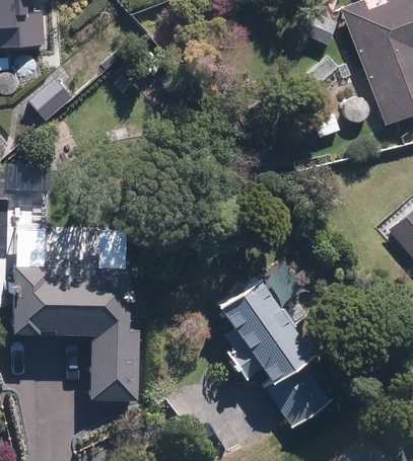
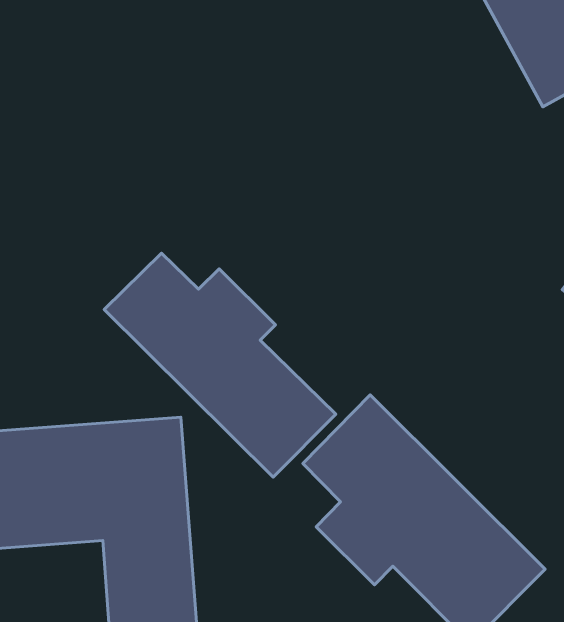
building: none -> [104,253,336,477]

